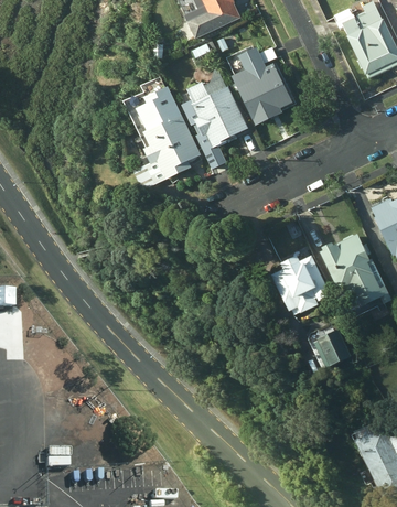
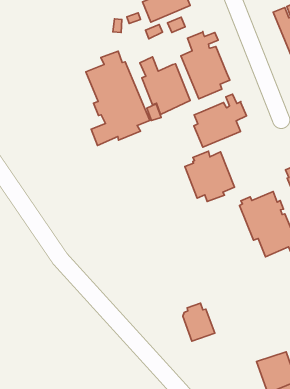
building: none -> [194,94,247,147]
building: [271,251,331,311] -> [185,151,234,202]
building: [314,322,353,367] -> [183,303,215,341]

